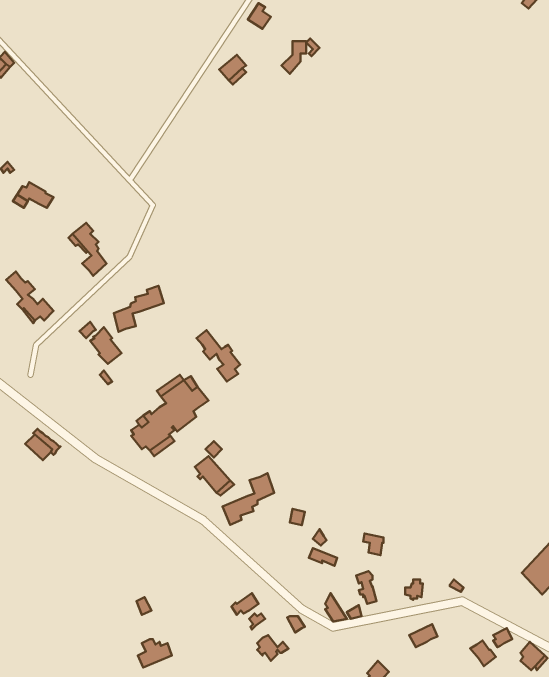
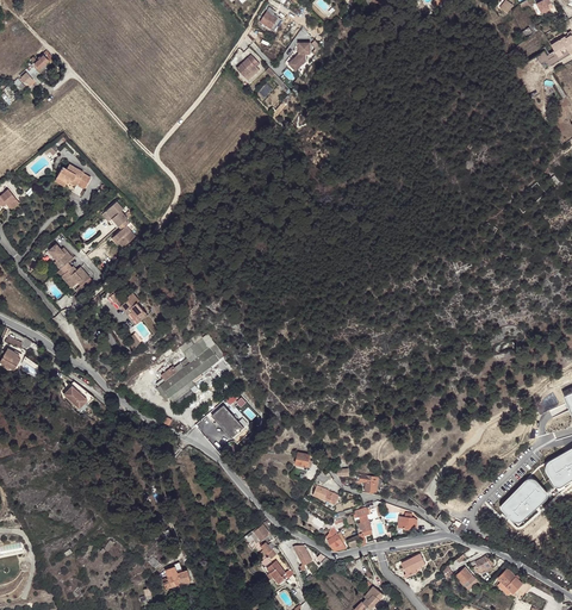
building: [114,286,164,332] -> none
building: [197,330,240,381] -> none
building: [223,473,274,525] -> none

